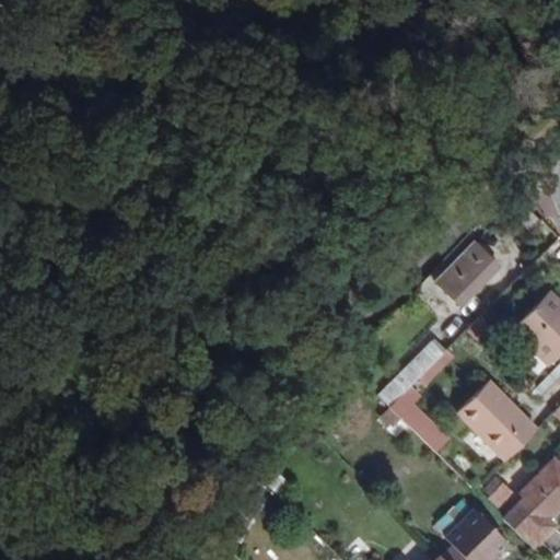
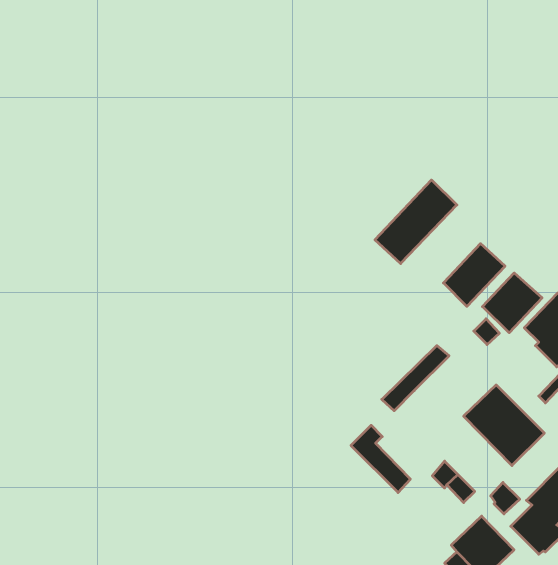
building: none -> [375,180,457,264]
building: none -> [482,273,542,333]
building: [390,386,448,452] -> [351,425,410,493]

